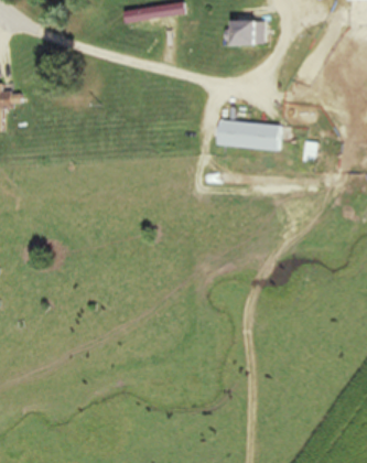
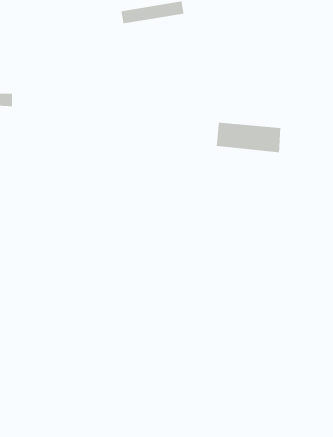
building: [228,21,266,46] -> none

